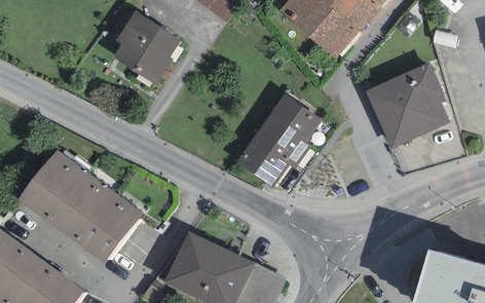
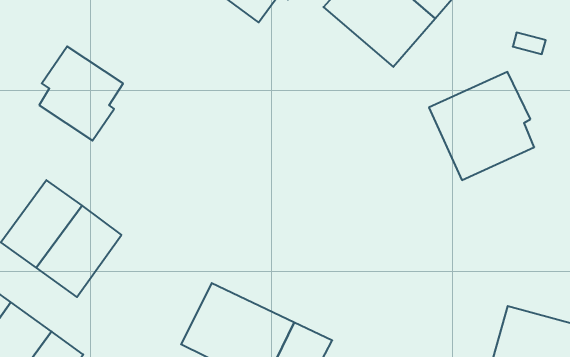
building: [113,9,181,85] -> [39,46,123,141]
building: [236,92,322,187] -> none
building: [80,193,143,263] -> none

